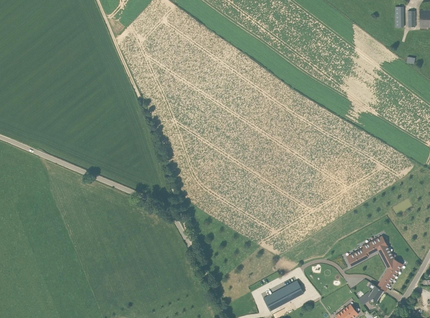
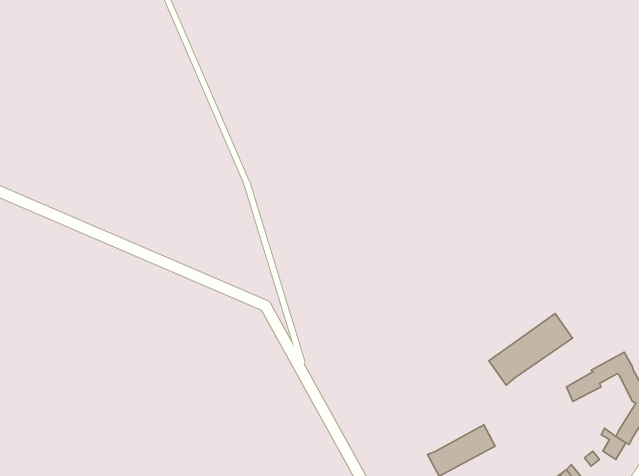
building: none -> [489,313,572,385]

